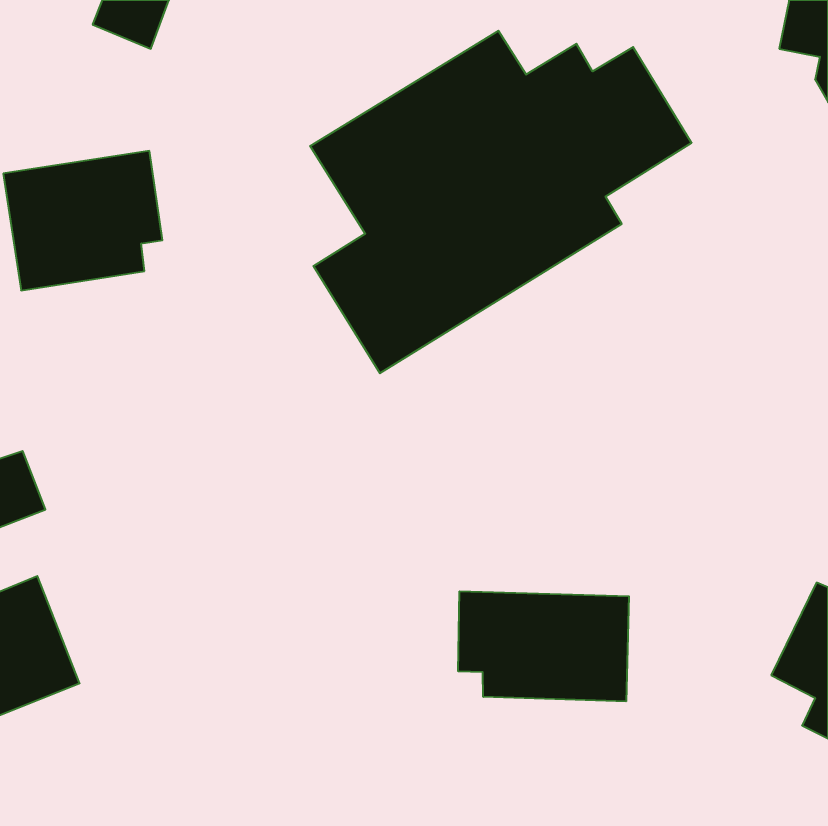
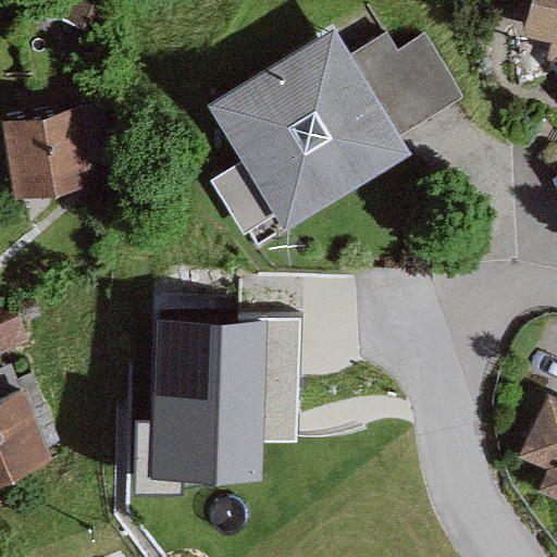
building: none -> [149,317,300,484]
building: [458,591,629,701] -> none

